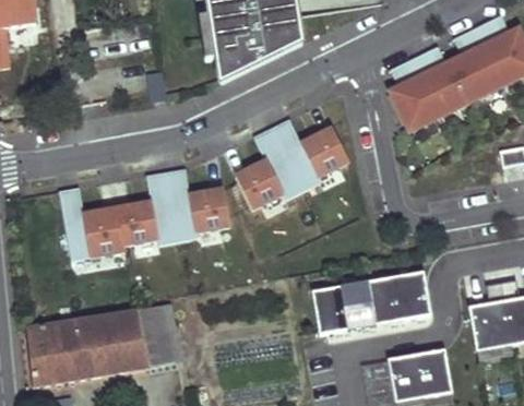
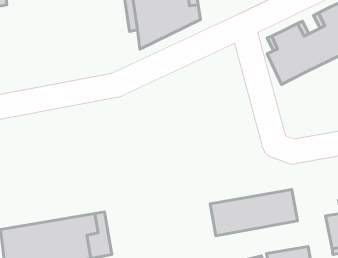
building: [236,116,349,206] -> none
building: [60,165,230,258] -> none

